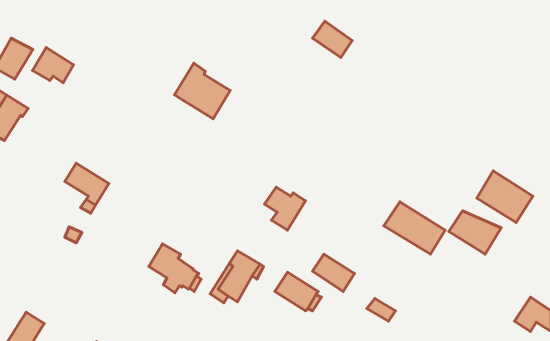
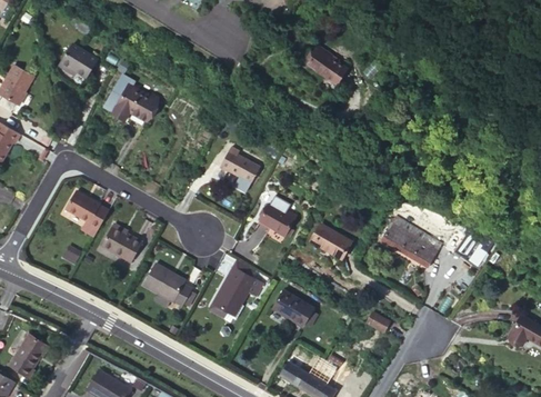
building: [33,48,74,83] -> [59,44,99,79]
building: [174,63,230,119] -> [114,76,169,130]
building: none -> [227,151,266,189]
building: [477,171,533,223] -> none
building: none -> [99,221,139,259]
building: [312,254,354,292] -> [309,229,350,266]

